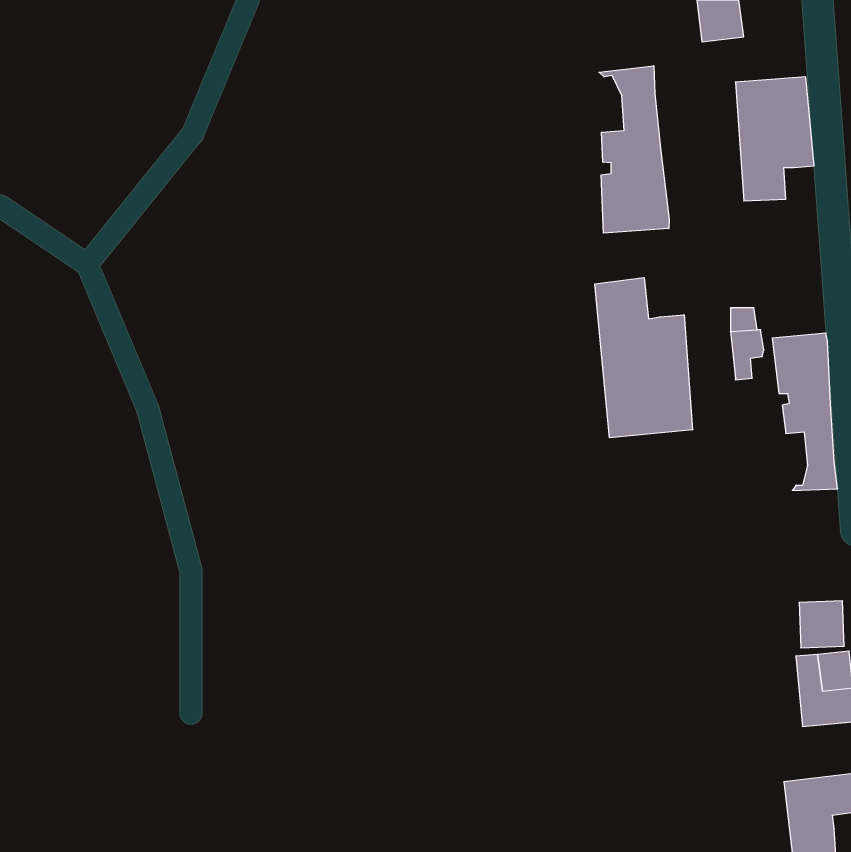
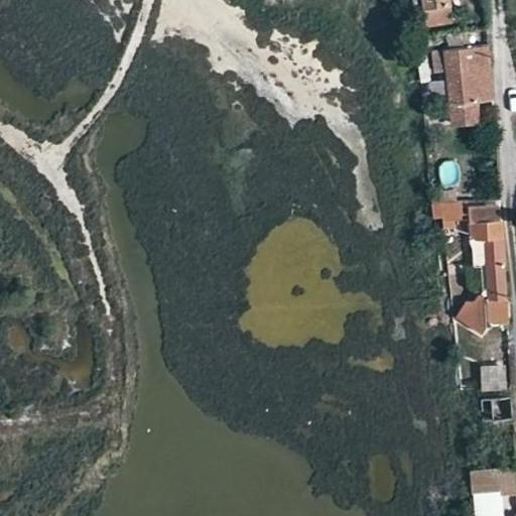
building: [599,66,669,233] -> none
building: [595,278,692,438] -> none
building: none -> [466,296,508,333]

